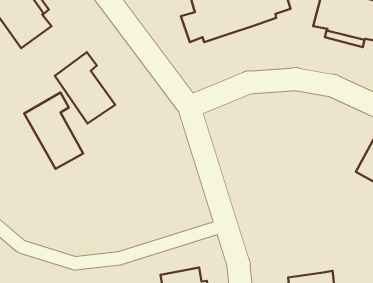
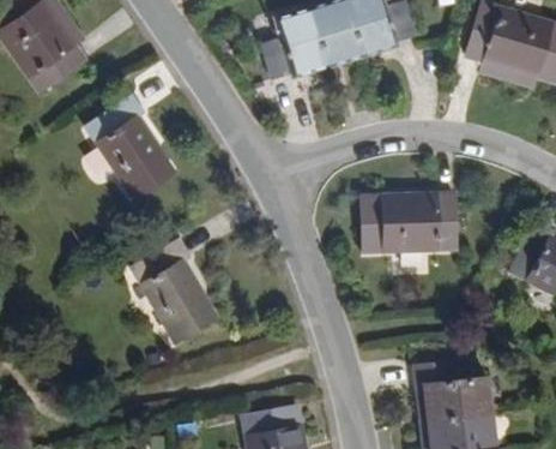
building: [24,92,83,169] -> [134,239,218,348]
building: none -> [357,188,453,256]
building: none -> [412,363,488,423]

